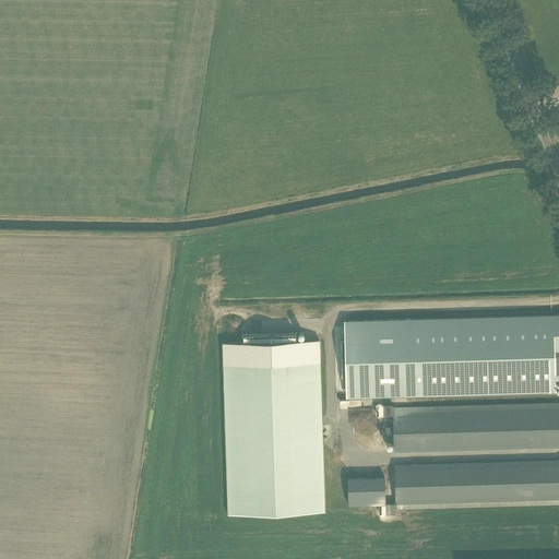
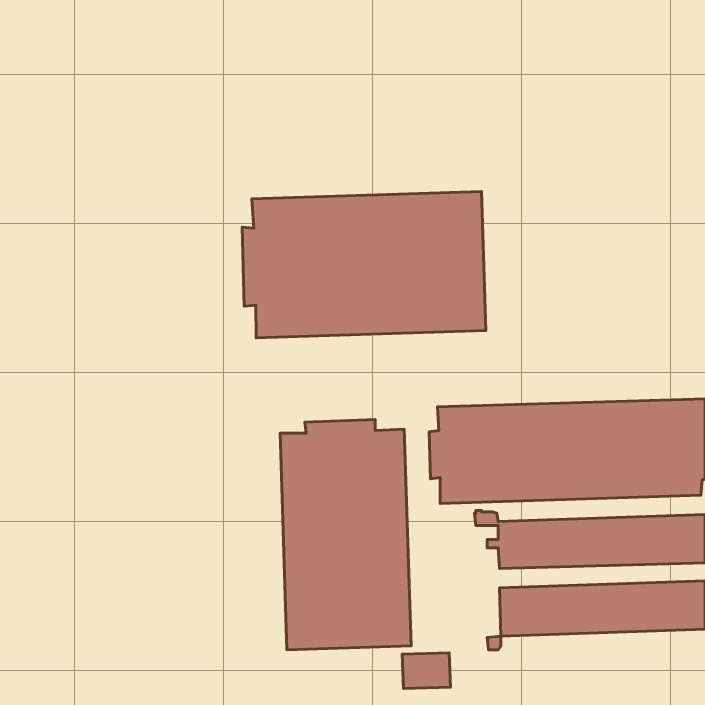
building: none -> [242,192,486,338]
building: [347,477,385,506] -> [402,653,451,689]

